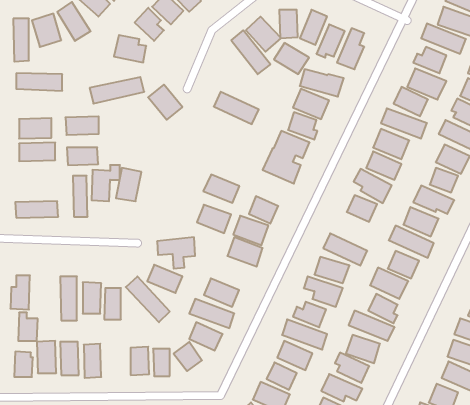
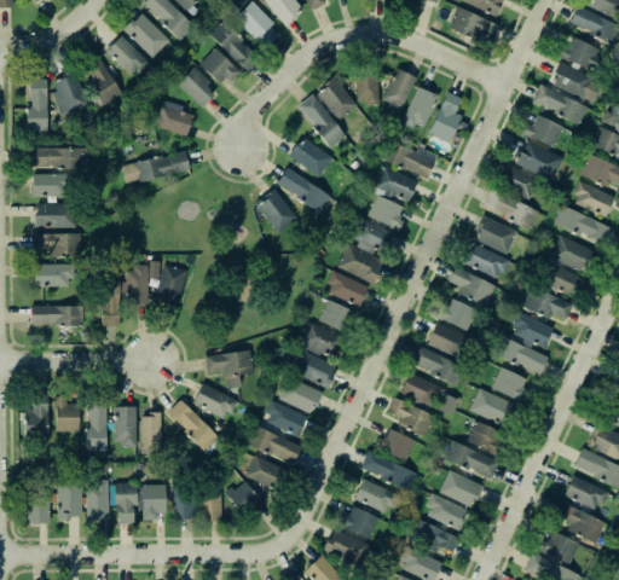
building: [274,43,309,74] -> [289,138,332,176]
building: [148,85,182,120] -> [255,190,297,233]
building: [65,116,99,135] -> [31,174,73,197]
building: [67,147,98,165] -> [34,265,73,286]
building: [203,175,239,203] -> [324,272,369,307]
building: [197,205,231,233] -> [279,378,322,413]
building: none -> [428,323,472,359]
building: [18,313,38,341] -> [56,396,80,431]
building: none -> [141,485,166,520]

